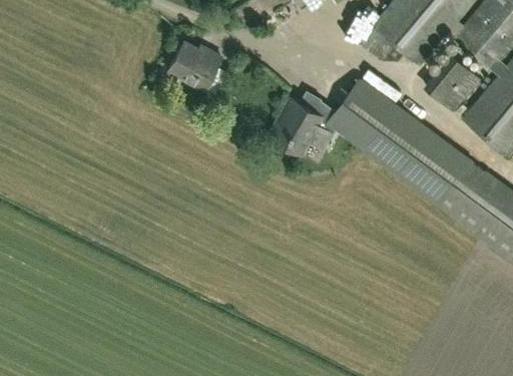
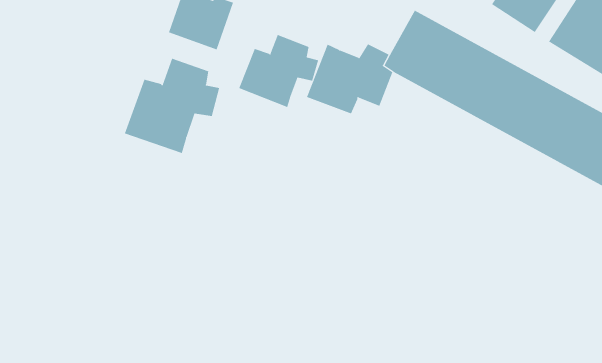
building: none -> [238,34,319,108]
building: none -> [124,58,220,154]

